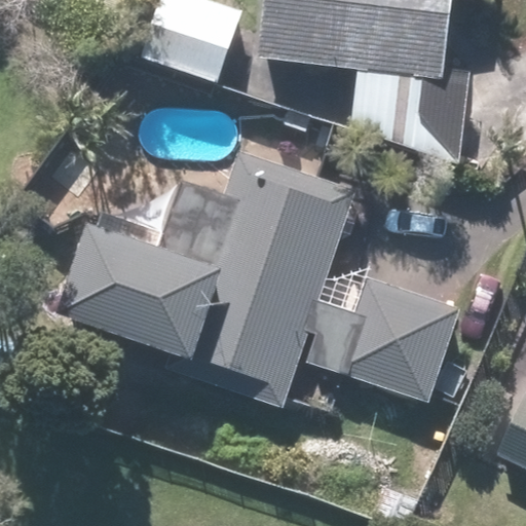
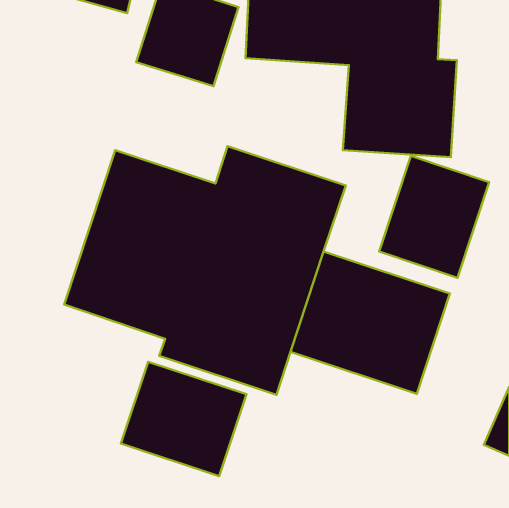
building: none -> [379,156,489,278]
building: none -> [121,362,246,476]

